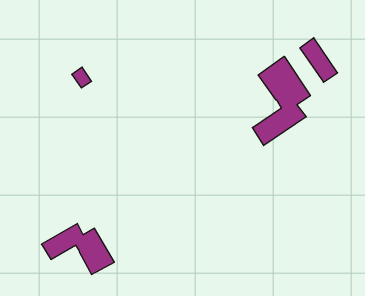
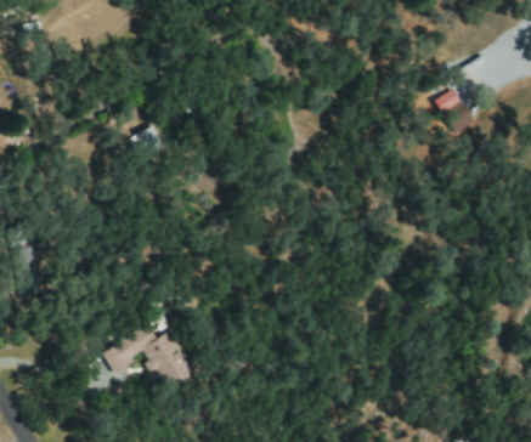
building: [252,56,310,146] -> none

